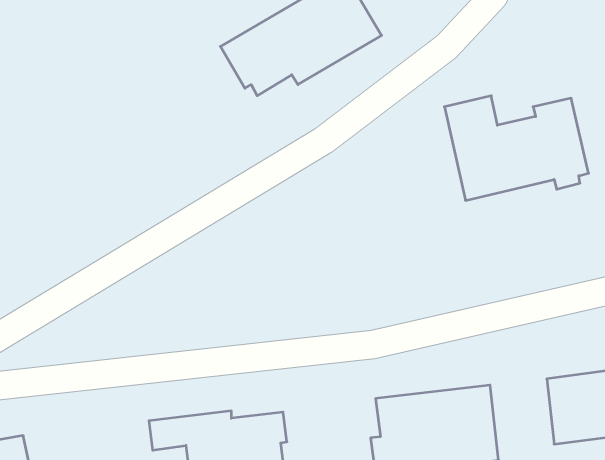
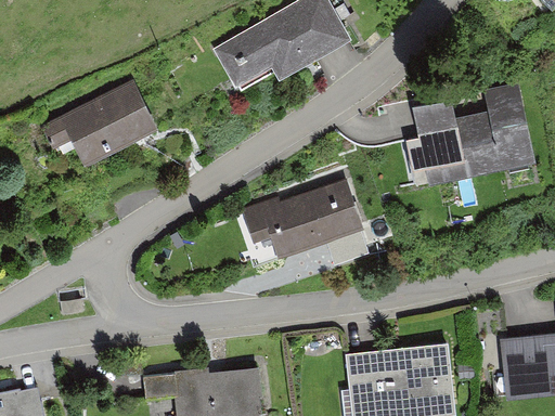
building: none -> [39,79,157,164]
building: none -> [240,184,362,257]

